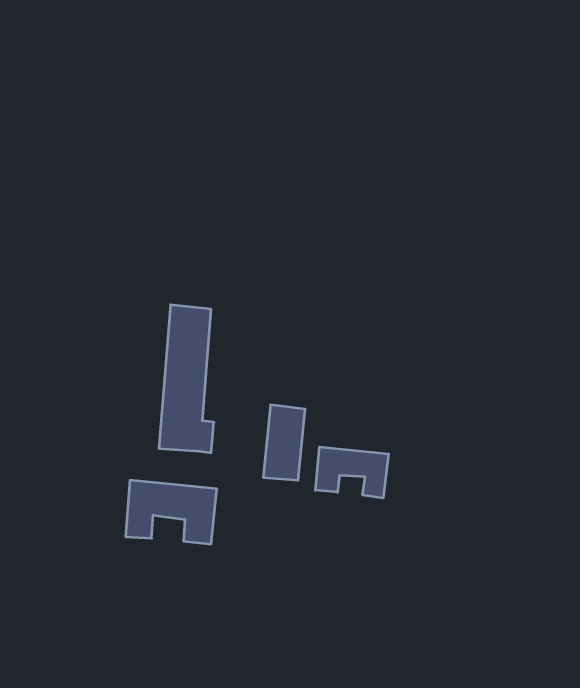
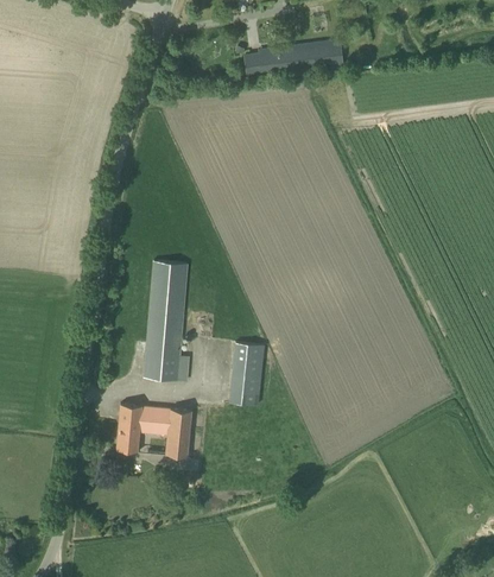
building: none -> [243,39,342,78]
building: [315,447,389,498] -> none

